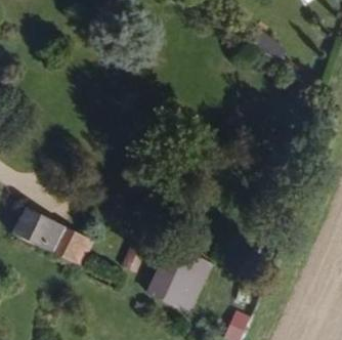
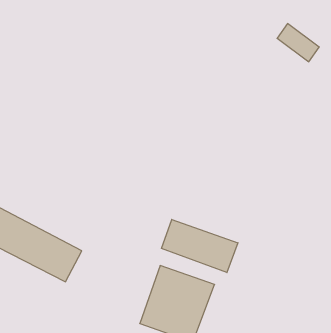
building: none -> [161,219,238,273]

